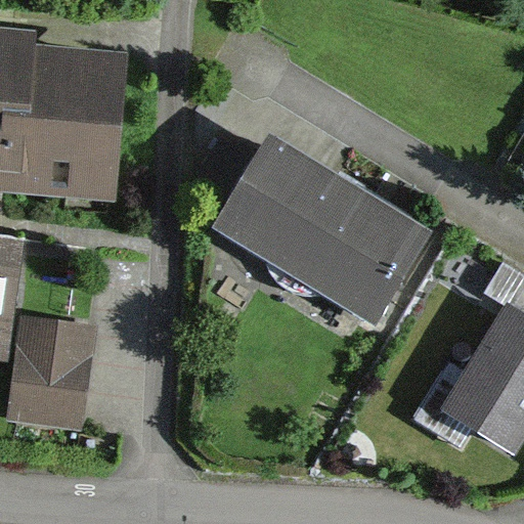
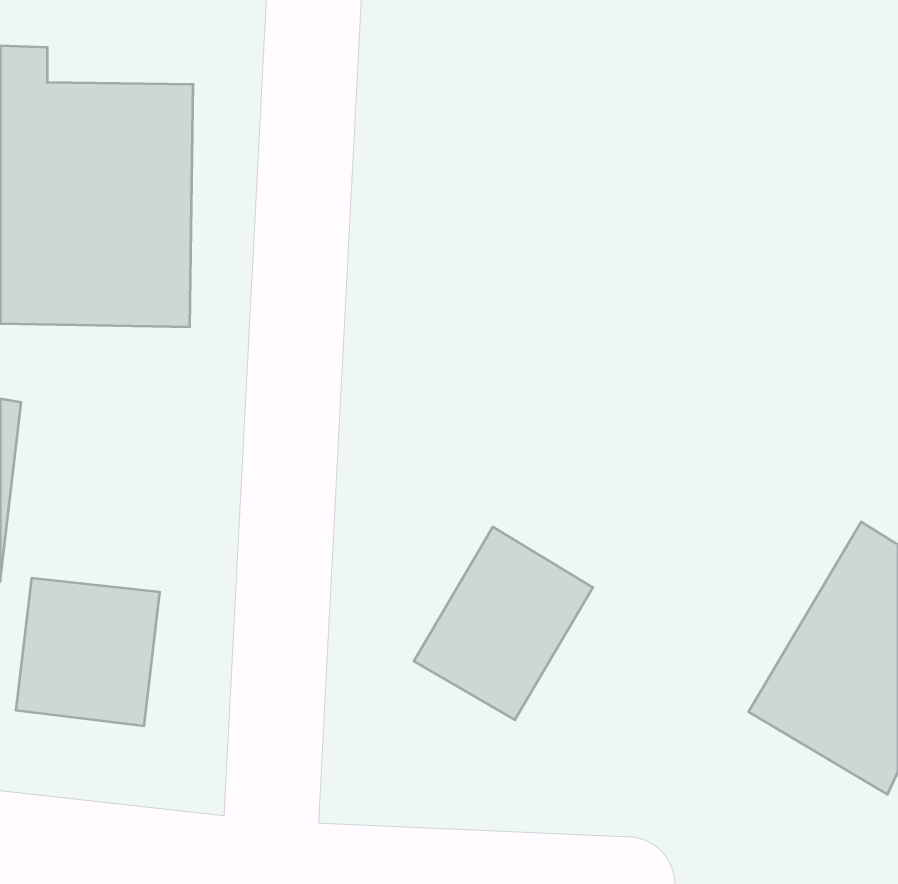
building: [217,140,428,319] -> none
building: none -> [414,527,593,720]

